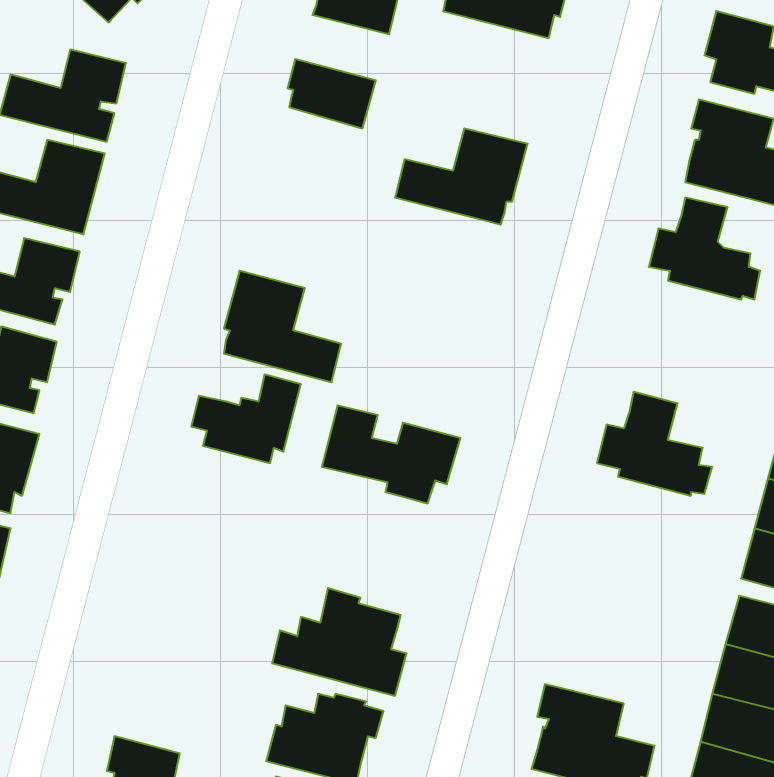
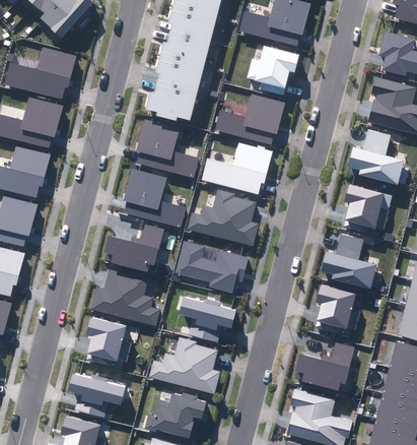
building: none -> [161,34,211,68]
building: none -> [246,45,300,94]
building: none -> [147,82,197,120]
building: none -> [136,118,199,178]
building: none -> [202,143,272,194]
building: none -> [344,183,388,229]
building: none -> [187,189,259,246]
building: none -> [90,266,160,326]
building: none -> [316,282,359,329]
building: none -> [180,296,236,341]
building: none -> [87,316,131,362]
building: none -> [296,341,354,386]
building: none -> [69,373,126,416]

